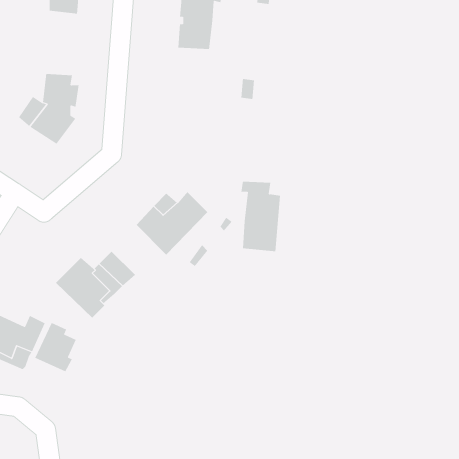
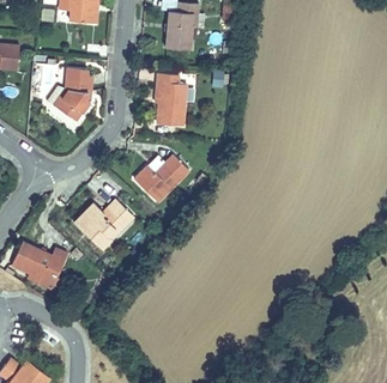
building: [241,181,281,252] -> [156,74,186,127]
building: [34,322,76,372] -> none

